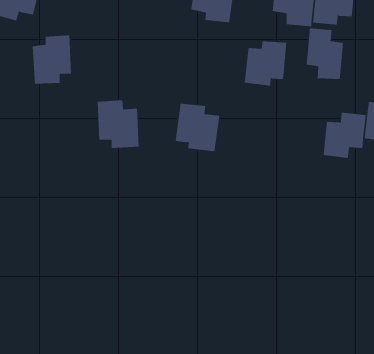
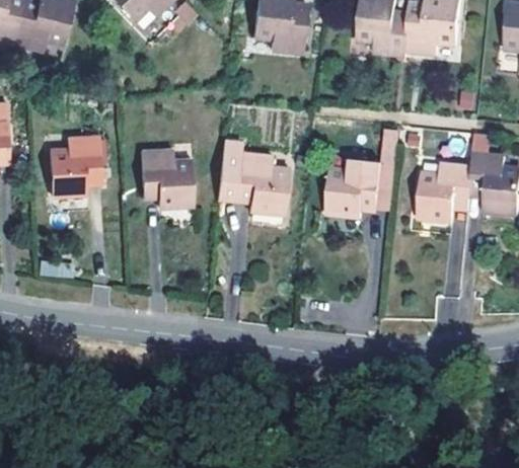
building: [306,28,344,80] -> none
building: [32,35,72,84] -> [50,135,99,196]
building: [244,41,287,86] -> [326,159,380,215]

